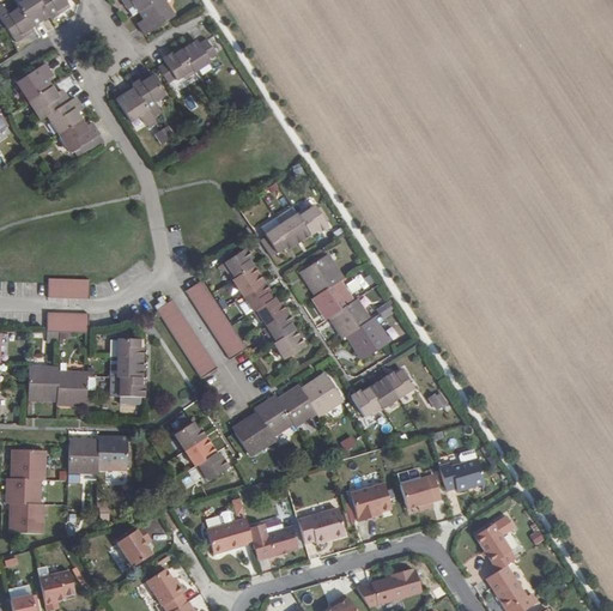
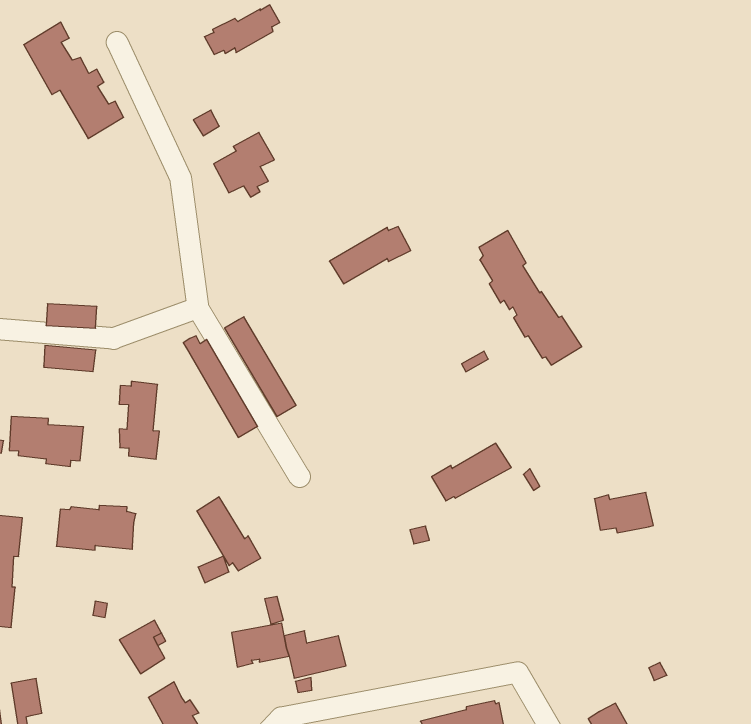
building: [119,74,165,125] -> [214,132,274,197]
building: [226,253,302,357] -> none
building: [305,254,389,356] -> [479,231,582,365]
building: [235,374,342,453] -> none
building: [439,459,486,491] -> [594,492,653,533]
building: [400,474,439,509] -> none
building: [351,484,390,521] -> none
building: [297,507,344,543] -> none
building: [475,522,514,571] -> none

